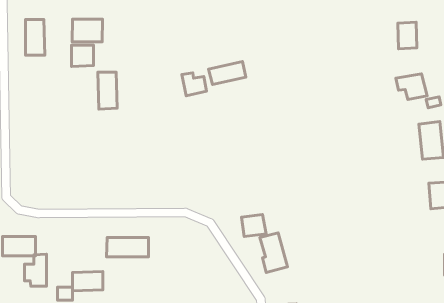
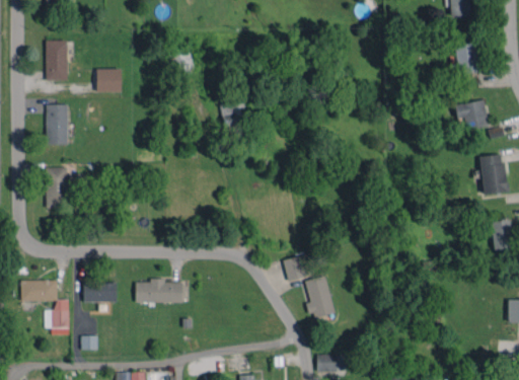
building: [72,19,102,42] -> none
building: [209,62,246,84] -> none
building: [98,72,117,109] -> [47,104,68,145]
building: none -> [46,167,68,208]
building: [72,272,103,291] -> [84,281,118,302]

